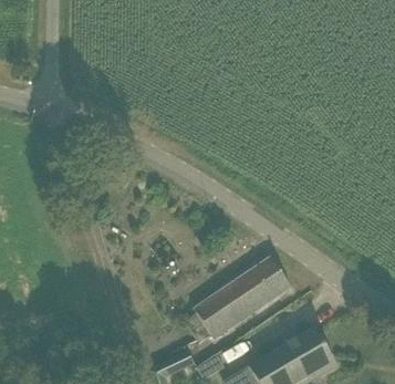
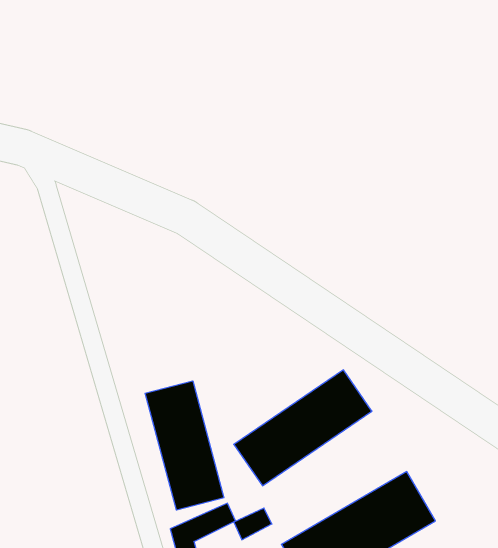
building: none -> [145,381,224,510]

